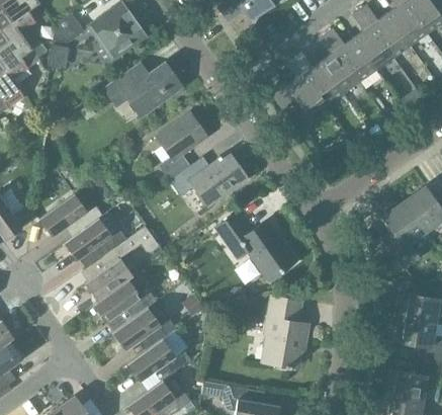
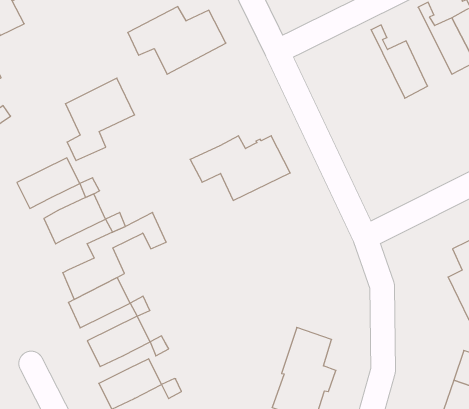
building: [319,34,360,94] -> none
building: [270,58,327,118] -> none
building: [154,111,208,180] -> [65,78,135,161]
building: [215,213,296,281] -> none

